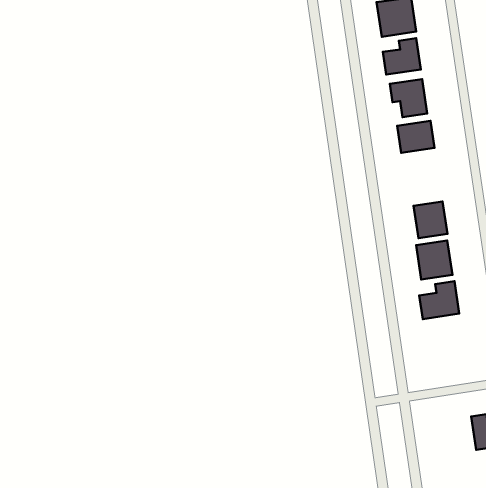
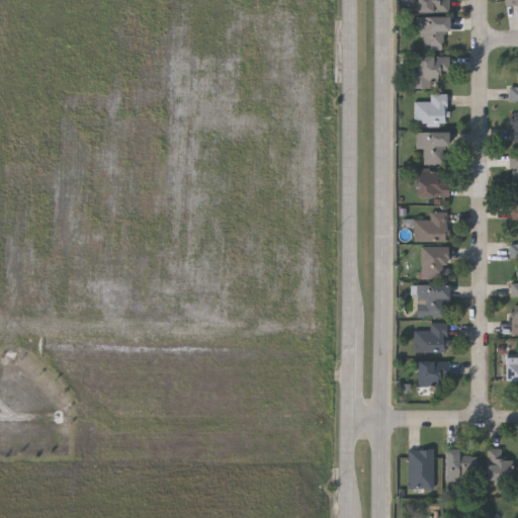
building: none -> [414,212,446,242]
building: none -> [417,361,449,396]
building: none -> [408,449,434,489]

